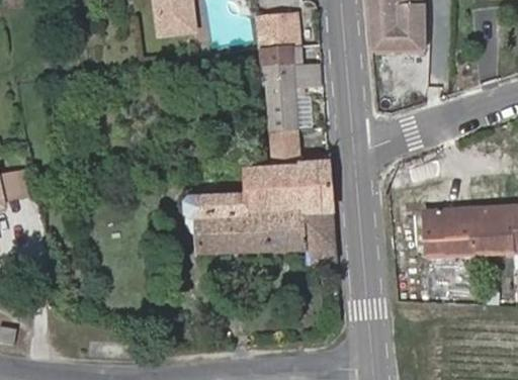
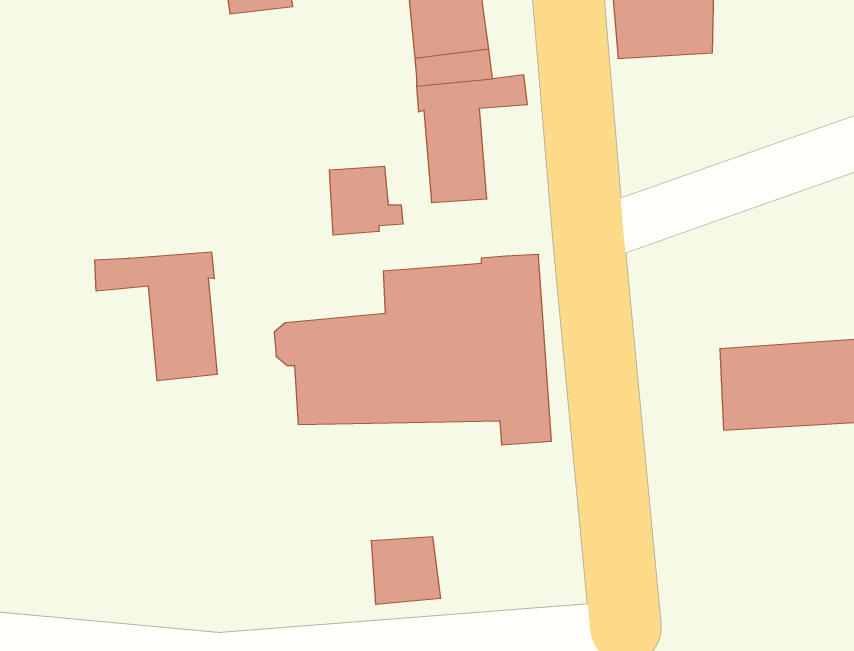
building: [269,129,310,167] -> [329,166,403,235]
building: none -> [95,252,217,381]
building: none -> [371,537,441,605]

